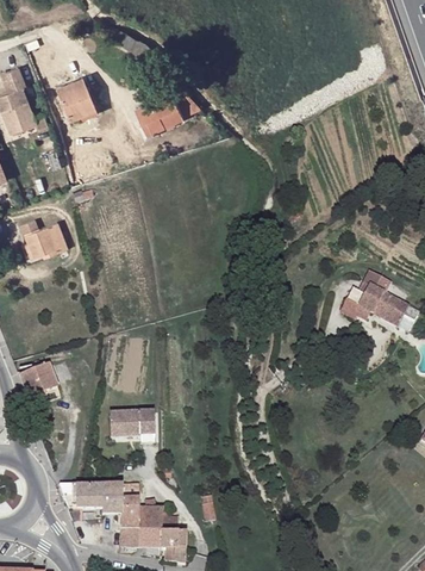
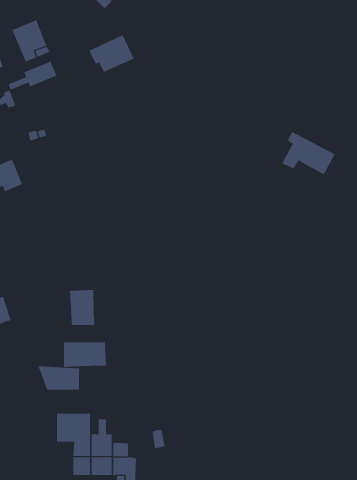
building: none -> [8,61,57,90]
building: [352,281,408,327] -> [281,131,336,175]
building: none -> [69,289,95,326]
building: [58,484,102,509] -> [37,366,80,390]

